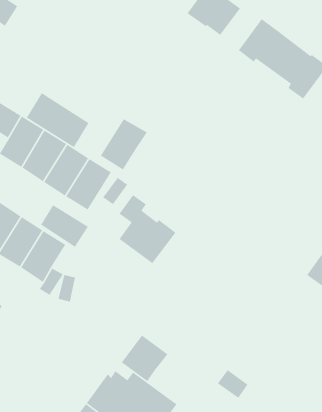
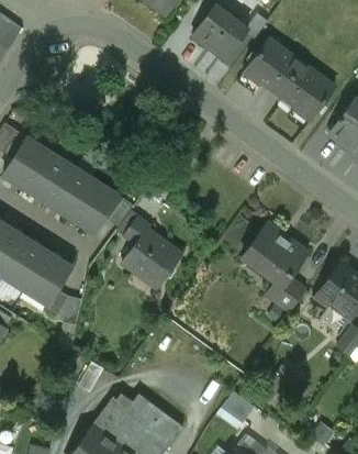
building: [26,92,90,148] -> none
building: [100,118,148,171] -> none
building: none -> [242,223,307,310]
building: [40,204,89,248] -> none
building: [121,335,169,382] -> none

